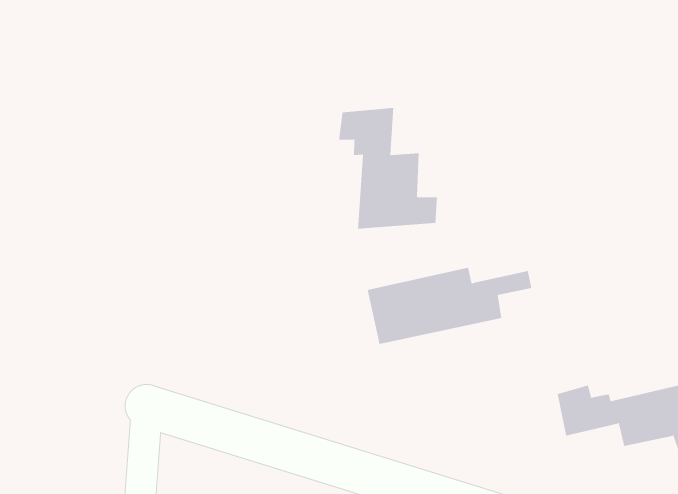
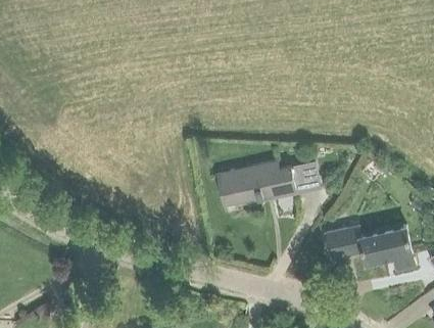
building: [339,107,437,230] -> none

